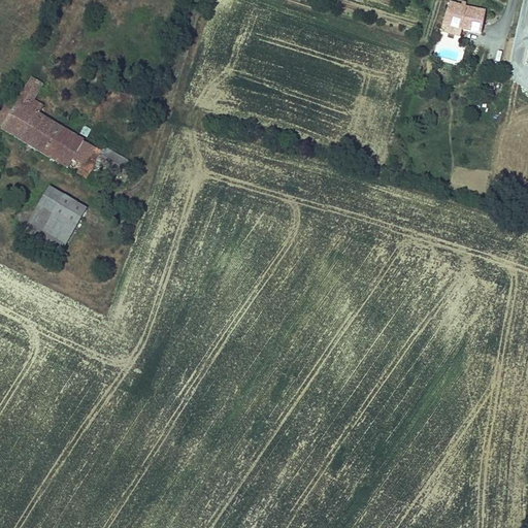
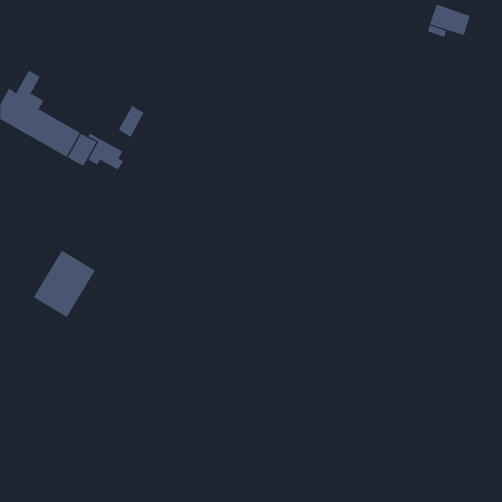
building: none -> [118,105,145,138]
building: [20,185,86,256] -> [33,250,96,318]

